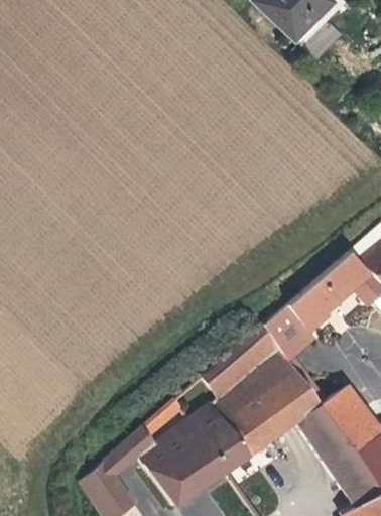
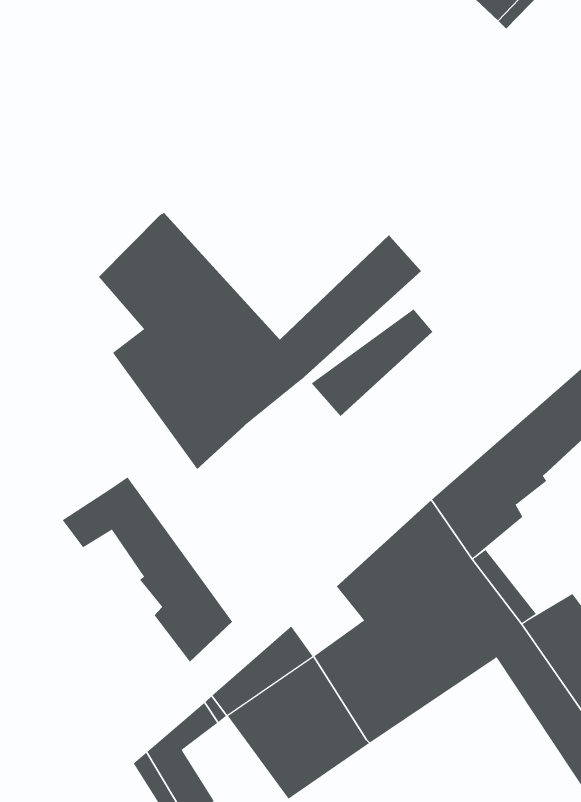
building: none -> [98,212,422,470]
building: none -> [311,309,433,417]
building: none -> [62,476,233,662]

